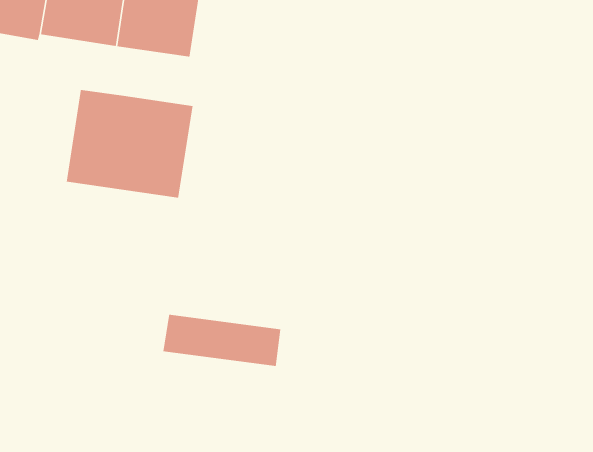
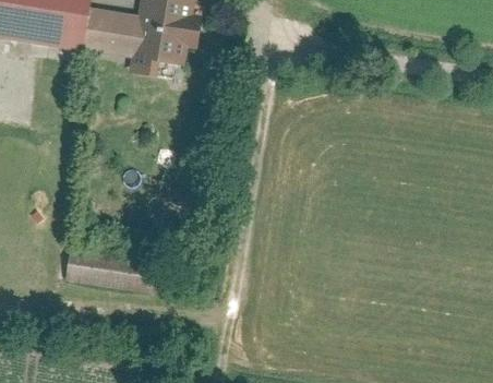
building: [66,89,193,199] -> none
building: [163,314,281,367] -> [61,246,147,284]

